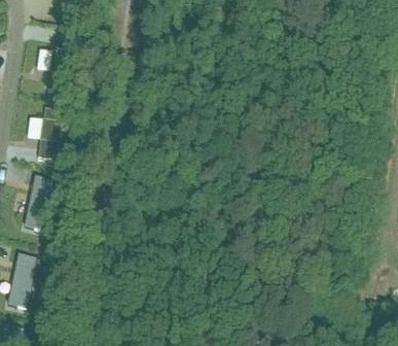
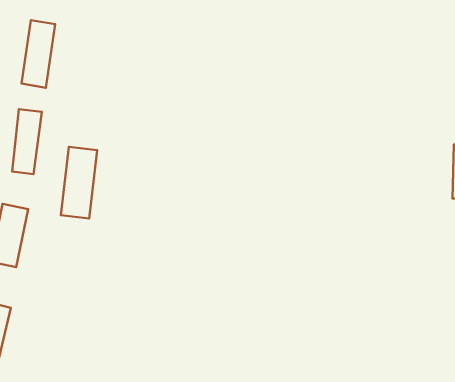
building: none -> [61,147,97,219]

